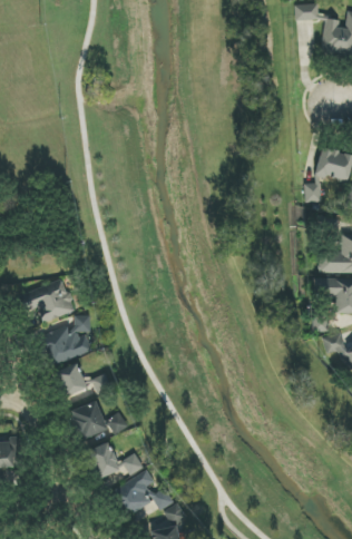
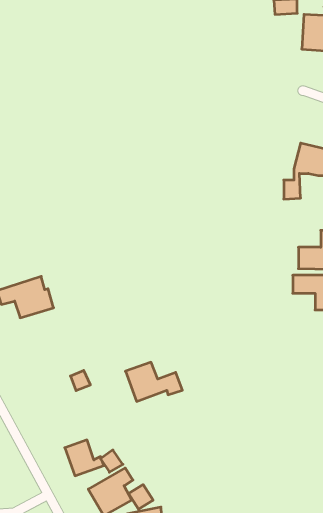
building: [41,314,92,364] -> none
building: [53,363,86,396] -> none
building: [70,401,127,440] -> [125,362,182,401]

